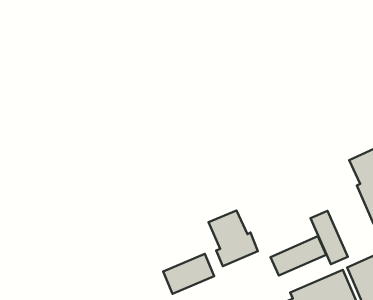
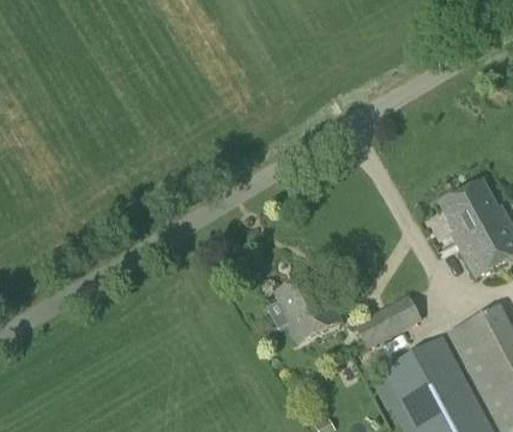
building: [311,211,348,264] -> none
building: [163,254,214,294] -> none

